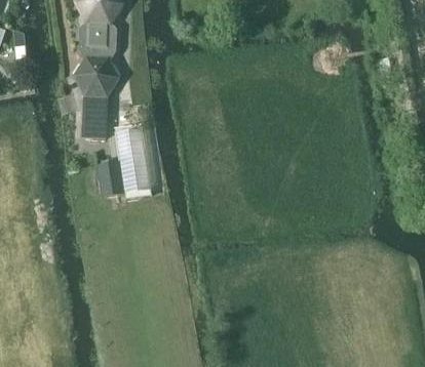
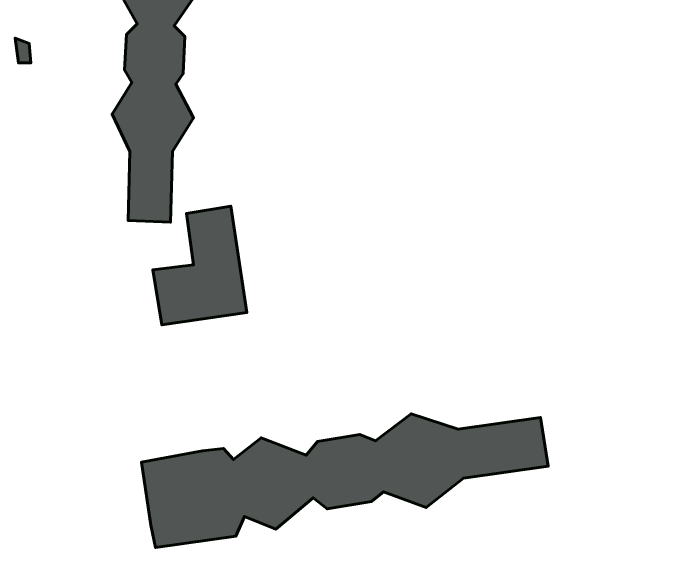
building: none -> [141,414,548,548]

